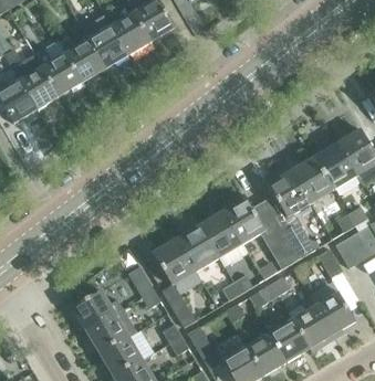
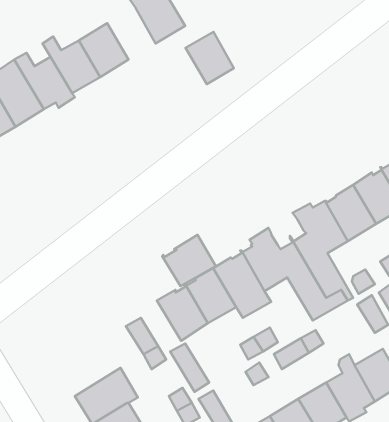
building: [112,11,152,54] -> [185,32,234,84]
building: none -> [162,235,216,286]
building: [72,289,123,330] -> none

